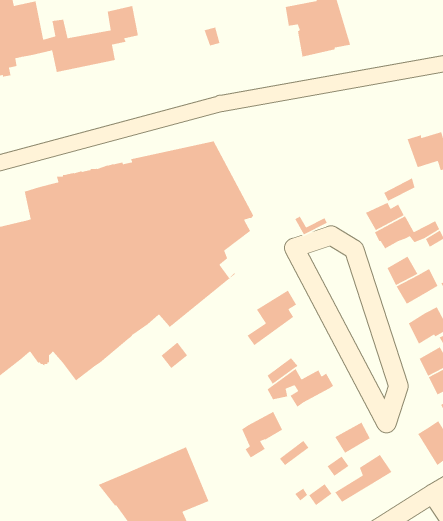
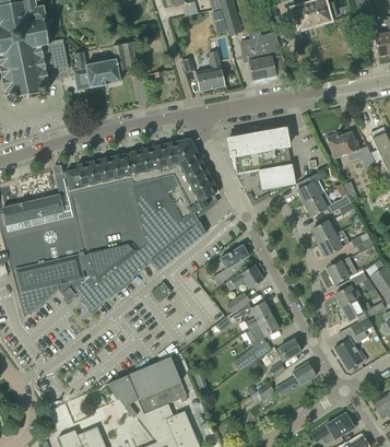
building: none -> [194,50,224,92]
building: none -> [227,125,294,190]
building: none -> [225,264,262,291]
building: [241,411,284,459] -> [248,316,279,350]

